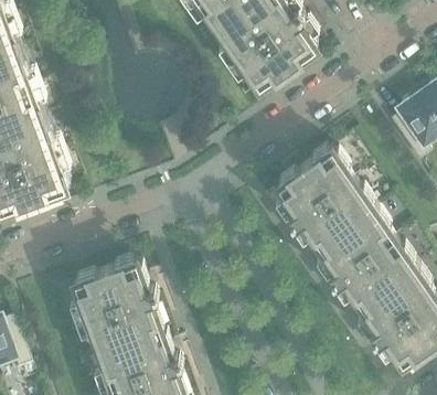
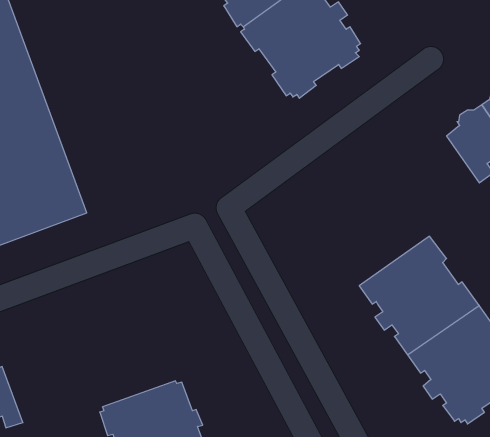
building: [271,149,371,249] -> none
building: [67,259,159,352] -> none

